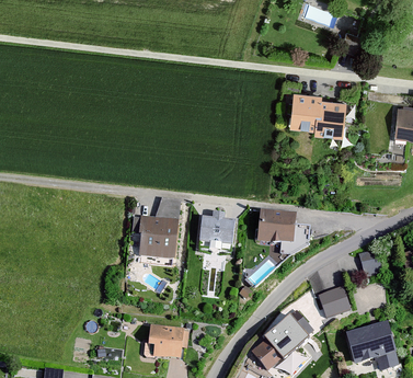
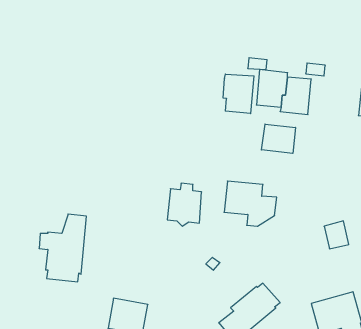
building: none -> [223,74,254,114]
building: none -> [261,124,295,153]
building: [133,196,181,265] -> [39,214,86,282]
building: [319,285,352,318] -> none

